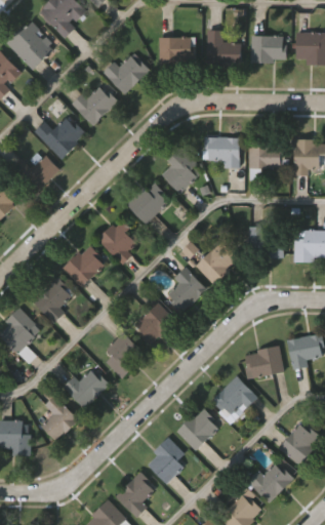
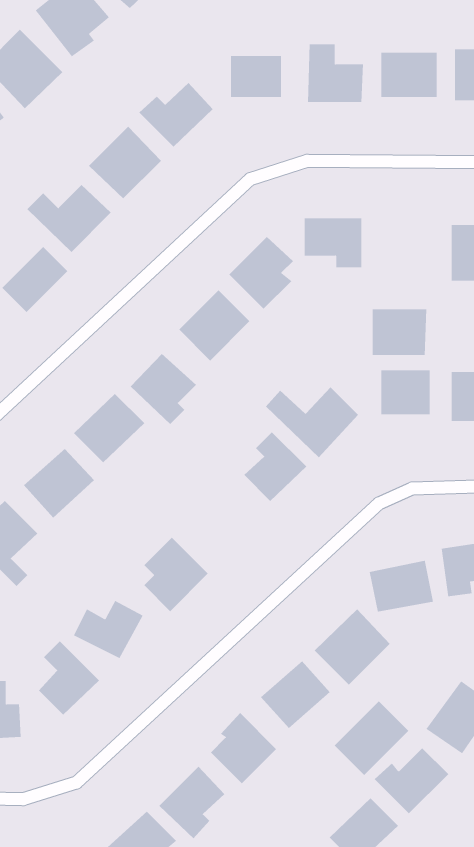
building: [250,140,284,169] -> [372,309,427,356]
building: [134,304,175,345] -> none
building: none -> [334,700,409,776]

